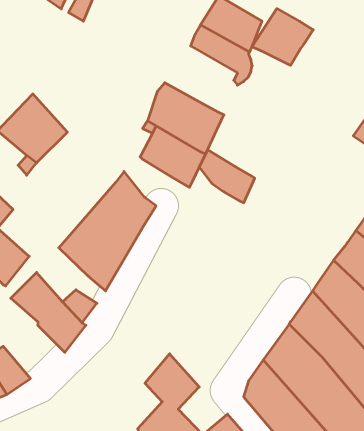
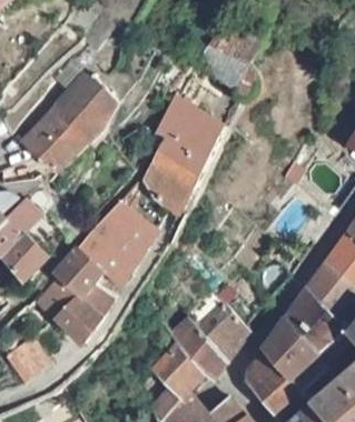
building: [252,9,313,65] -> none
building: none -> [53,70,118,144]
building: [199,150,255,203] -> [145,169,195,217]
building: none -> [57,249,103,298]
building: none -> [170,303,246,382]

